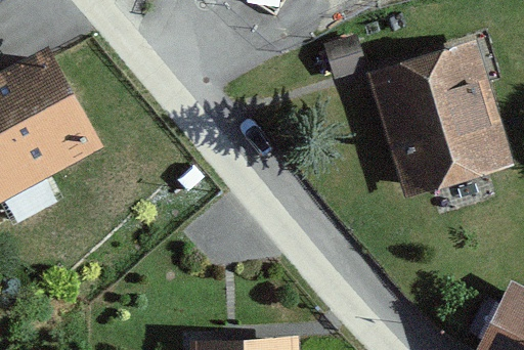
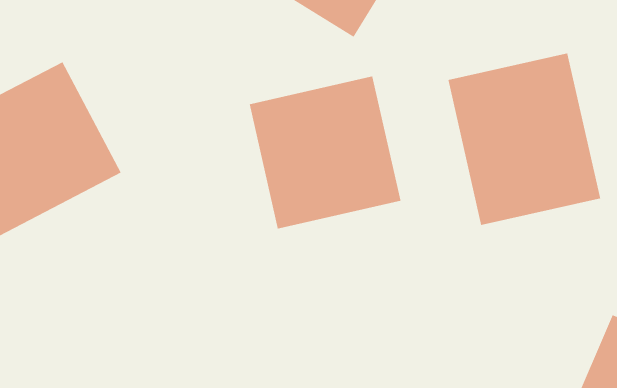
building: none -> [249,76,401,230]

